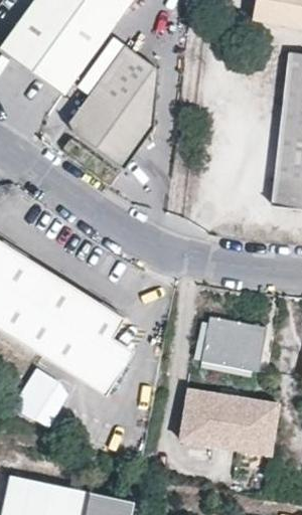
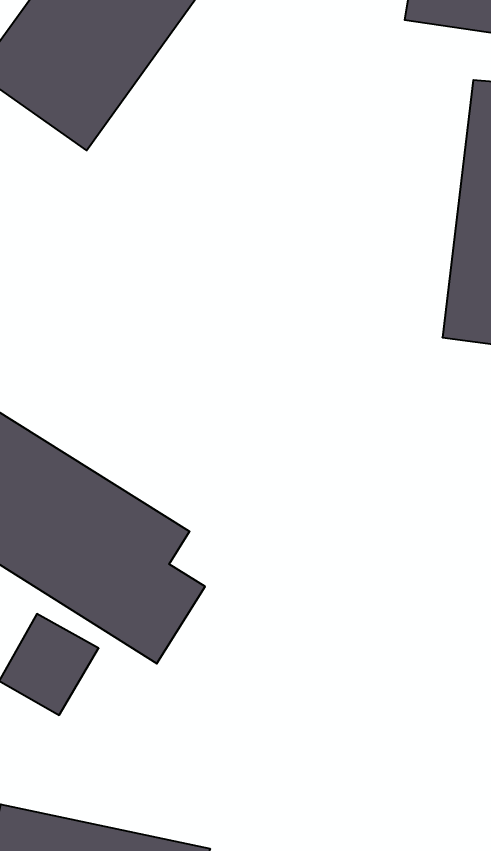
building: [70,46,157,169] -> none
building: [202,316,266,369] -> none
building: [184,390,285,461] -> none

